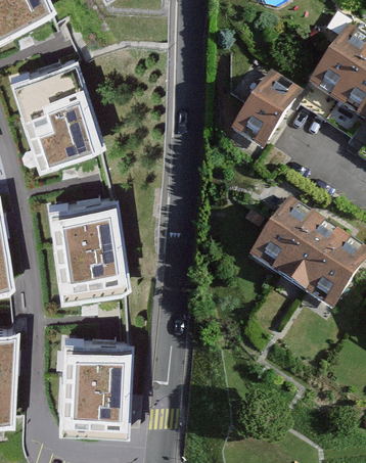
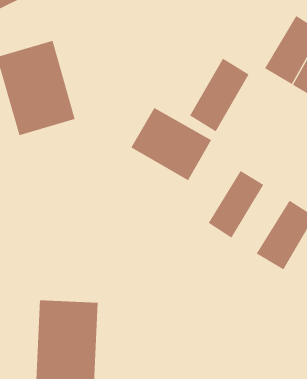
building: none -> [131,107,212,181]
building: [50,212,127,304] -> none
building: [275,221,338,296] -> none

